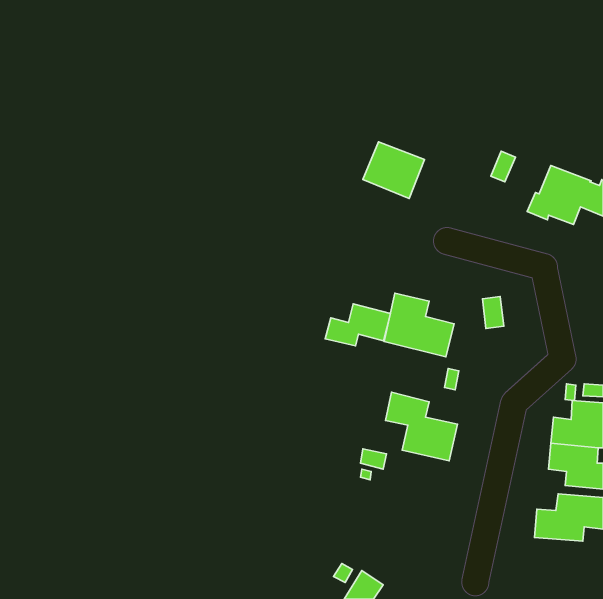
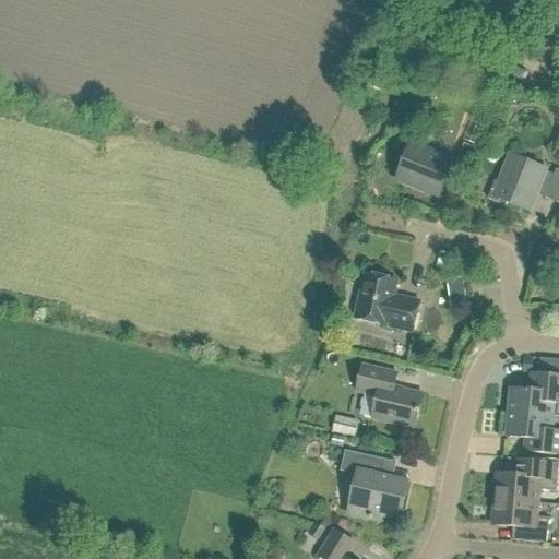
building: [363,142,424,198] -> [396,141,453,193]
building: [325,304,390,346] -> none
building: none -> [340,448,407,519]
building: none -> [491,497,548,540]

